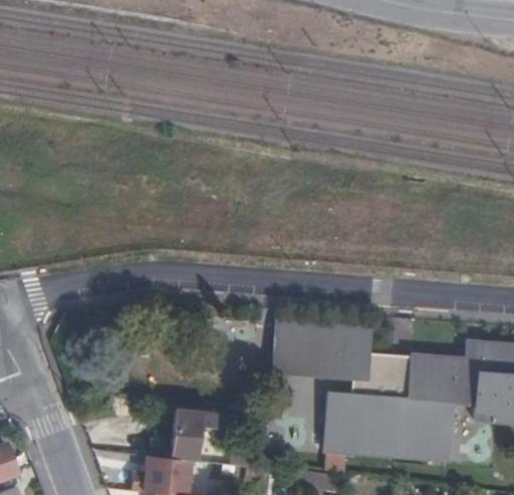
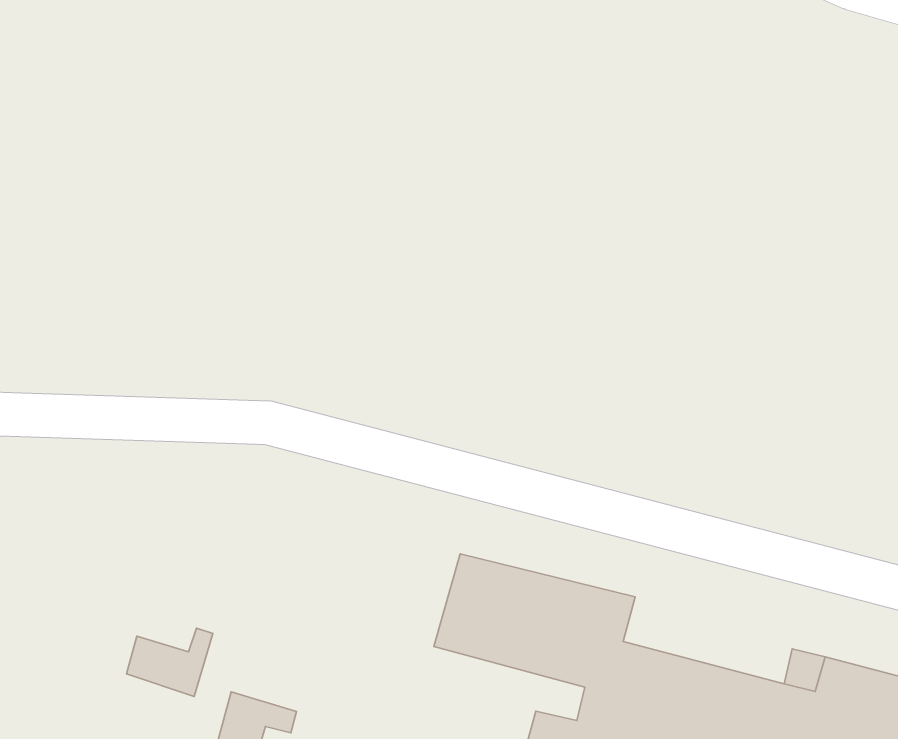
building: none -> [127,628,213,697]

